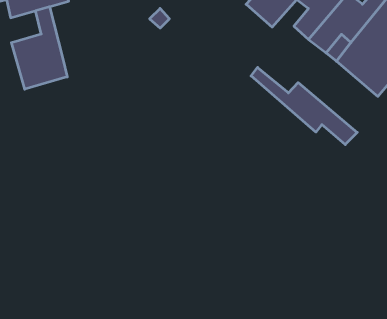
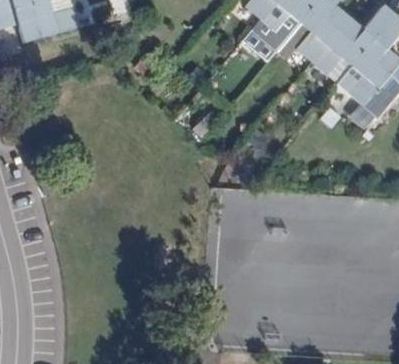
building: [11,7,67,89] -> none
building: [251,67,357,145] -> none

